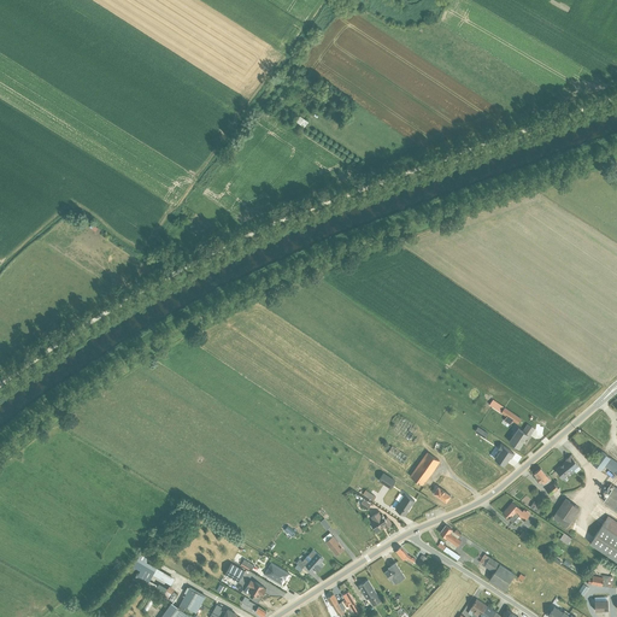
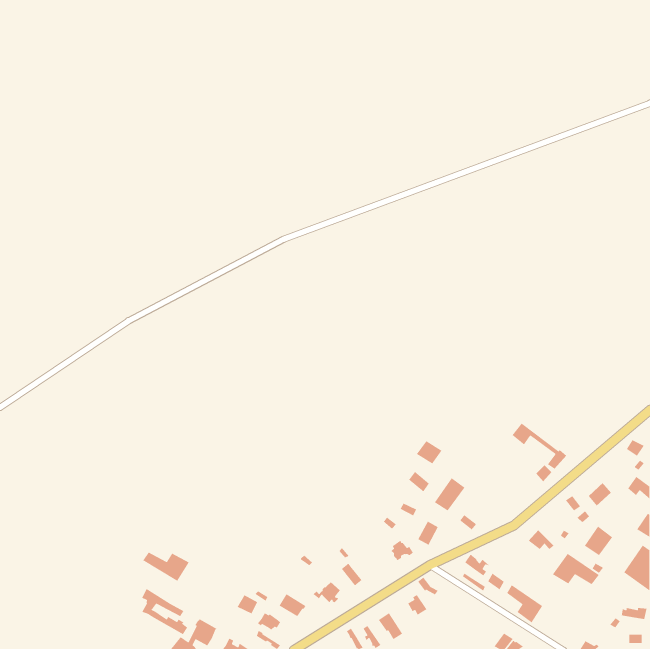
building: none -> [142,551,190,582]
building: none -> [552,553,600,585]

